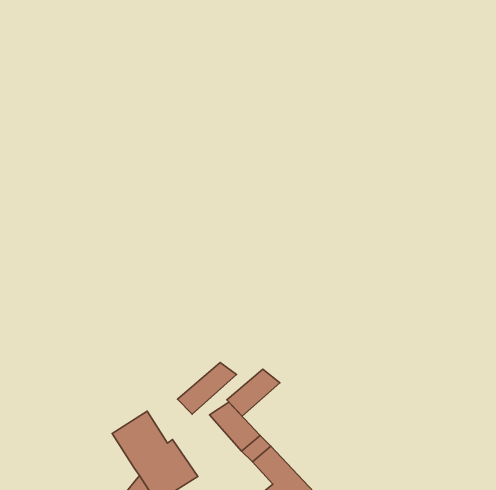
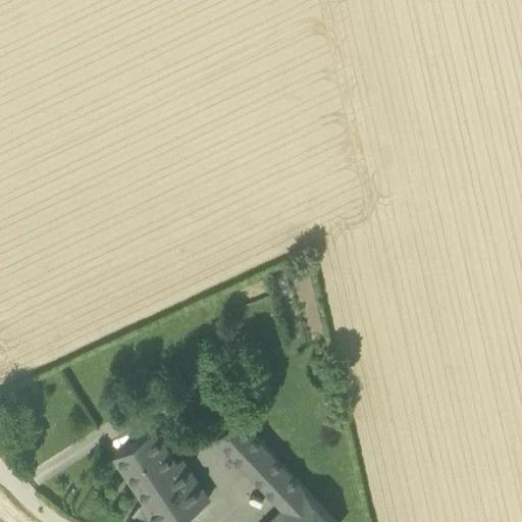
building: [178,363,237,414] -> none
building: [227,369,280,416] -> none

